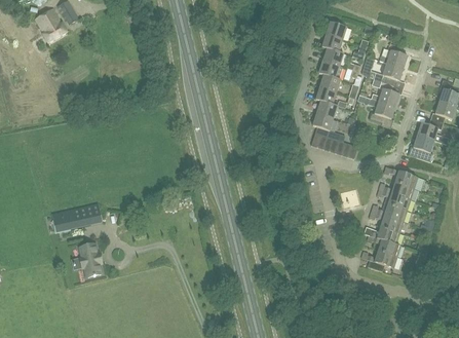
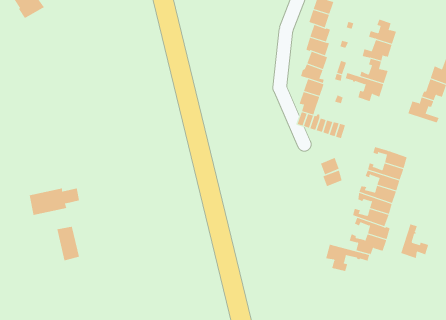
building: [413,134,446,160] -> none
building: none -> [401,224,429,259]
building: none -> [325,244,370,272]

